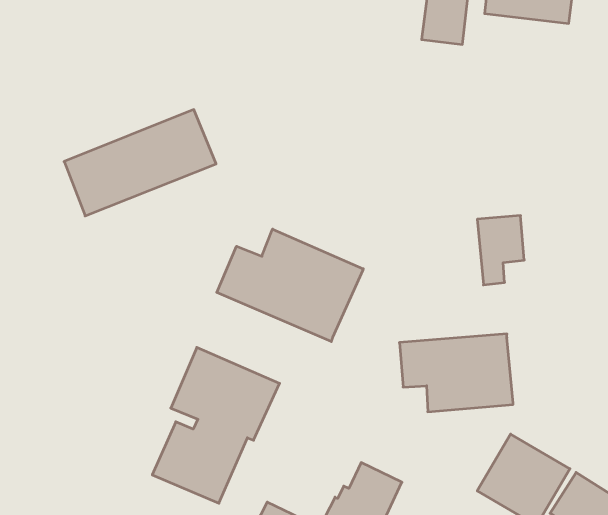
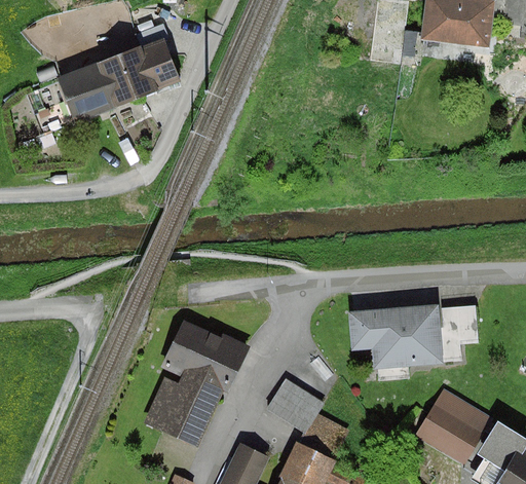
building: [64,110,216,216] -> [54,36,181,124]
building: [477,216,524,285] -> [439,305,478,363]
building: [217,229,363,342] -> none
building: none -> [265,378,324,434]

